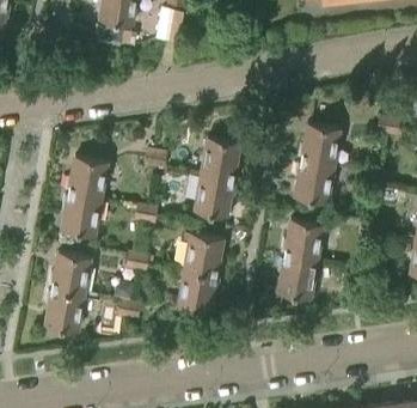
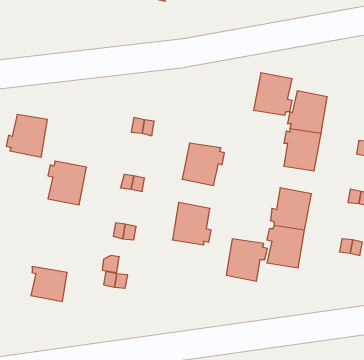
building: [202,138,240,179] -> [254,73,292,115]
building: [66,157,106,199] -> [6,115,47,157]
building: [47,252,90,303] -> none
building: [179,270,220,312] -> [226,239,267,281]

